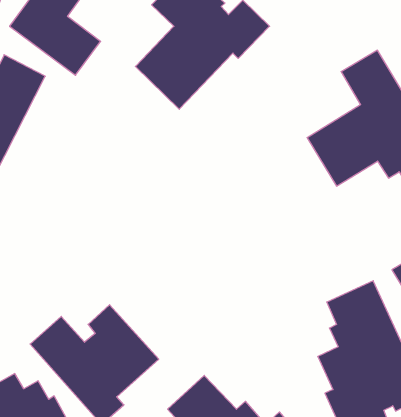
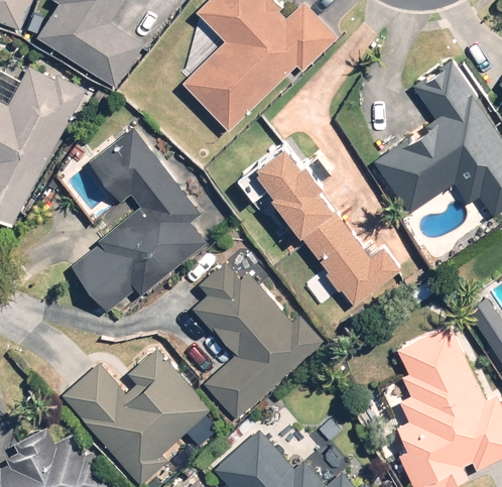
building: none -> [71,129,207,312]
building: none -> [259,144,400,307]
building: none -> [195,265,322,417]

